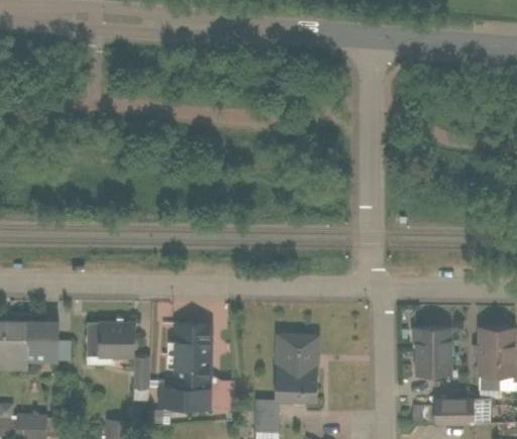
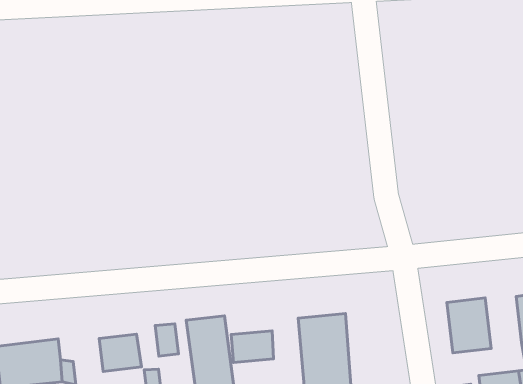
building: none -> [155,324,179,356]
building: none -> [231,331,274,362]

